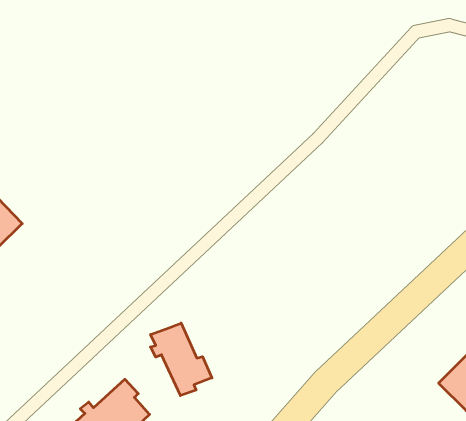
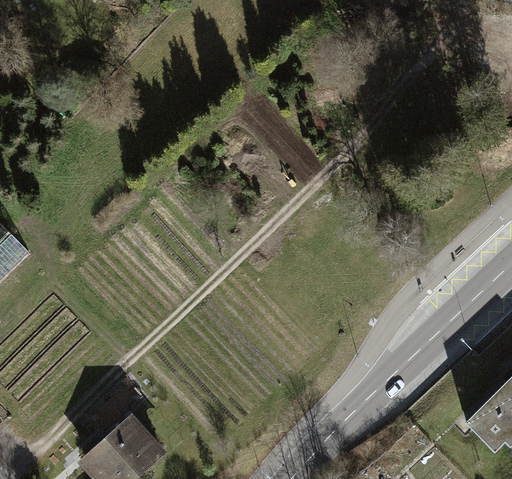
building: [150,323,212,396] -> none

